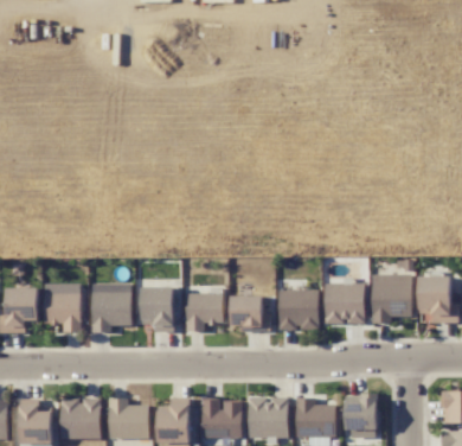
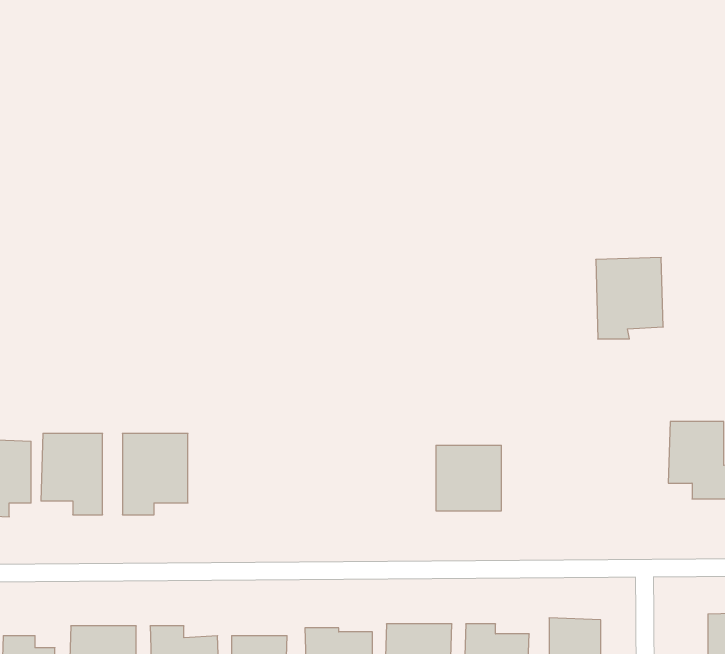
building: [372,274,412,323] -> [596,258,663,339]
building: [325,283,365,324] -> none
building: [142,287,174,332] -> none
building: [185,293,224,332] -> none
building: [231,295,270,332] -> none

